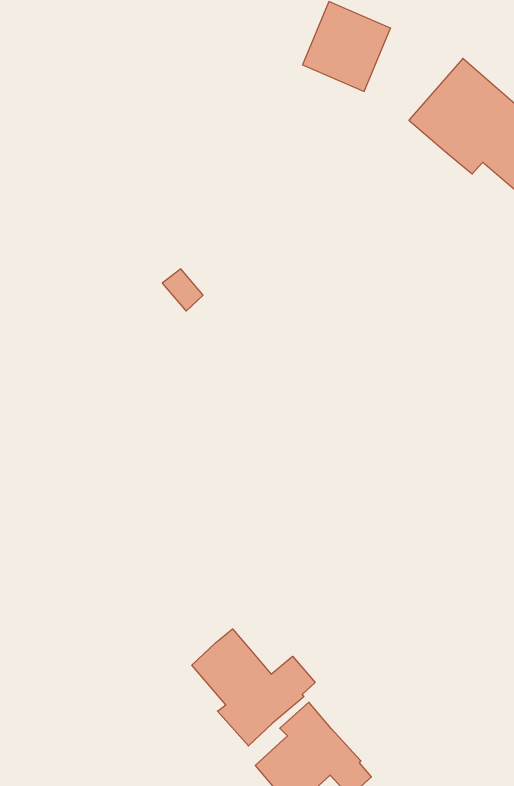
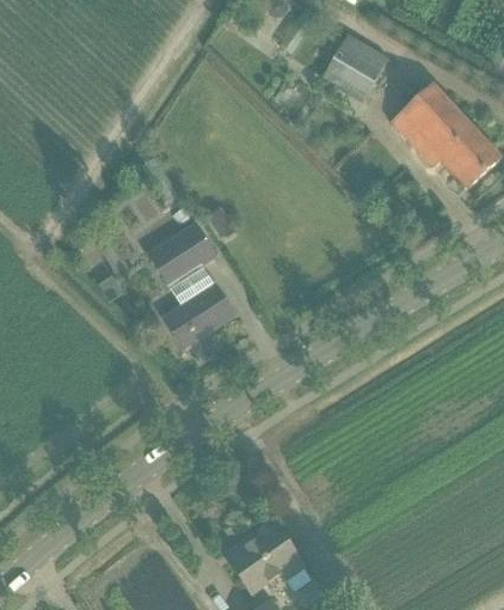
building: none -> [148,222,234,348]
building: [192,629,315,746] -> none

